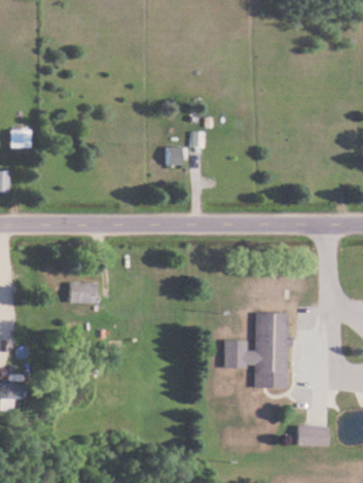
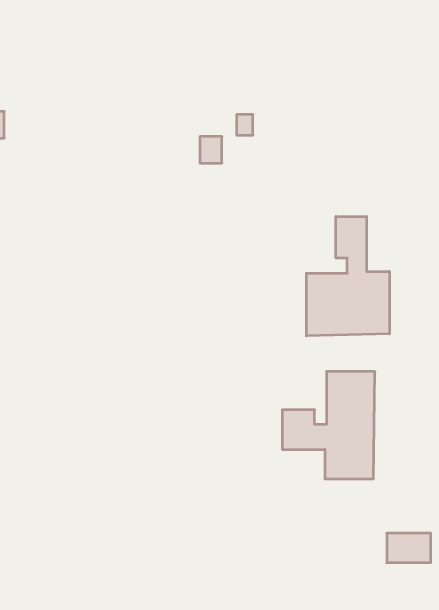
building: none -> [306,216,389,336]
building: [70,282,98,303] -> none

